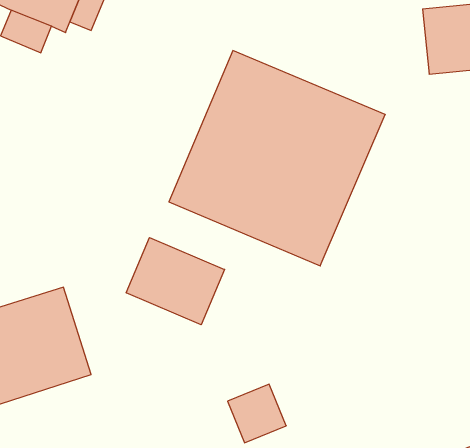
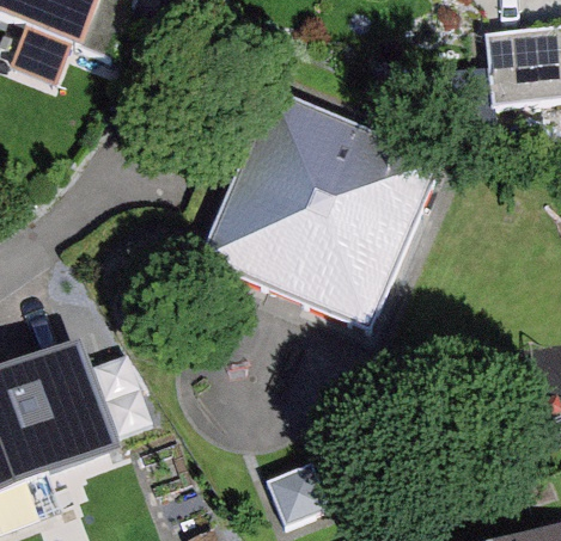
building: [126,238,225,325] -> none

